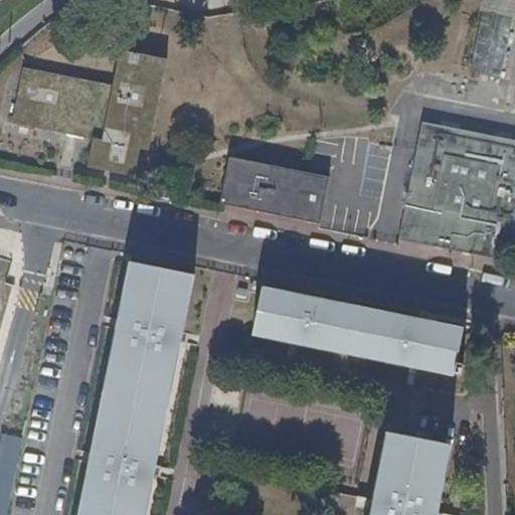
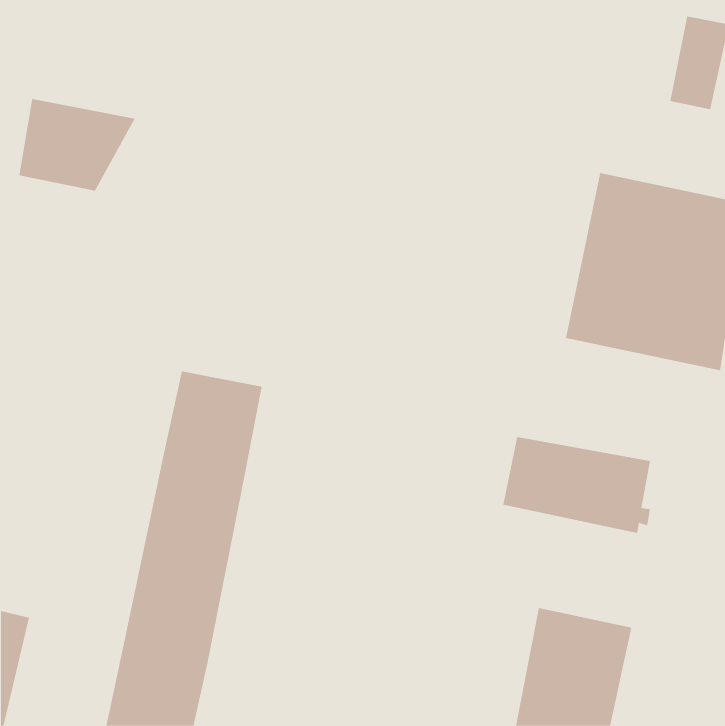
building: [70,50,169,176] -> none
building: [221,156,335,226] -> none
building: [251,286,367,356] -> none

